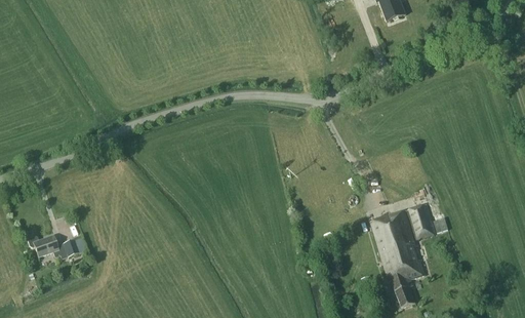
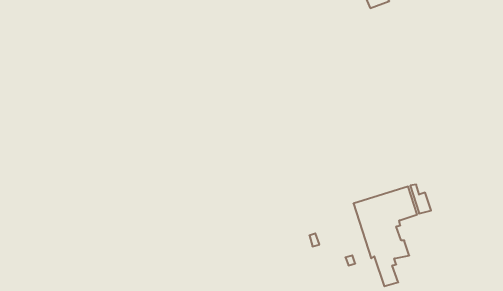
building: [28,235,79,260] -> none

